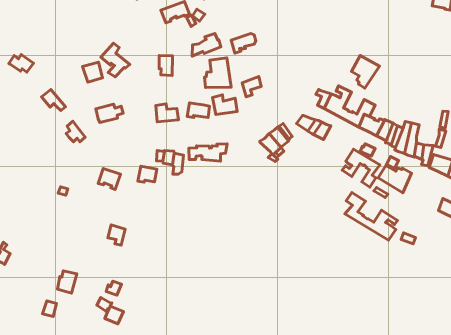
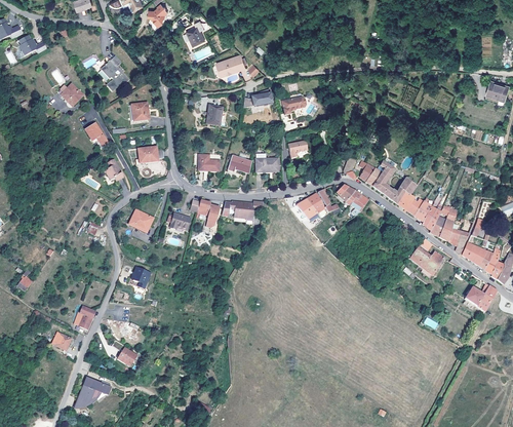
building: [101,43,130,77] -> [102,56,129,90]
building: [352,56,380,88] -> none
building: [205,58,231,88] -> none
building: [342,149,380,187] -> none
building: [345,192,398,240] -> none

